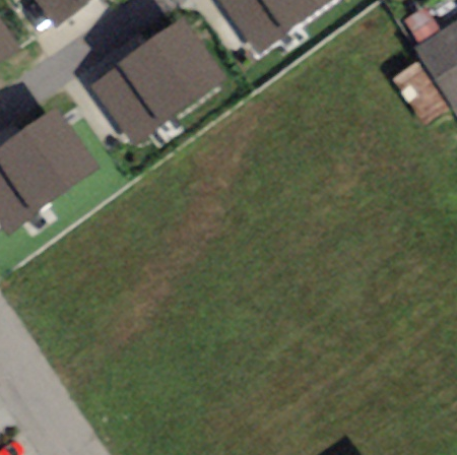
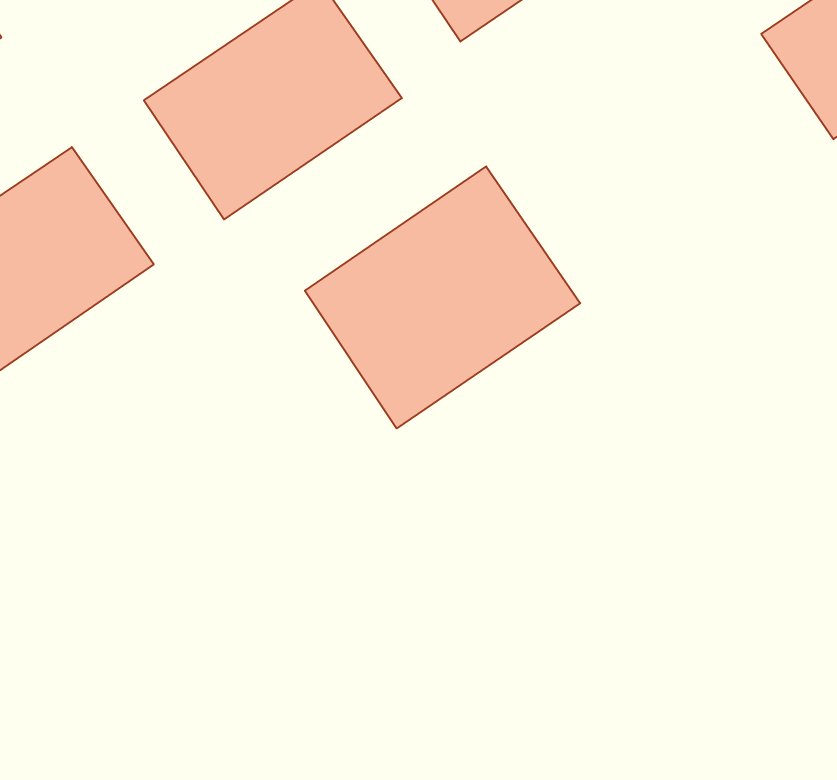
building: none -> [305,166,580,428]

